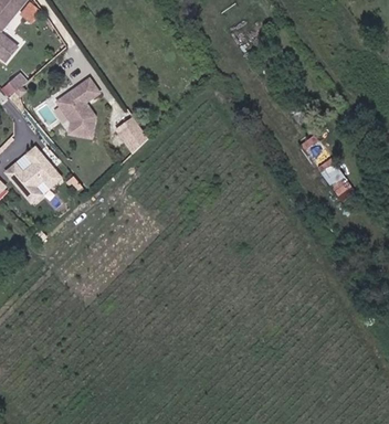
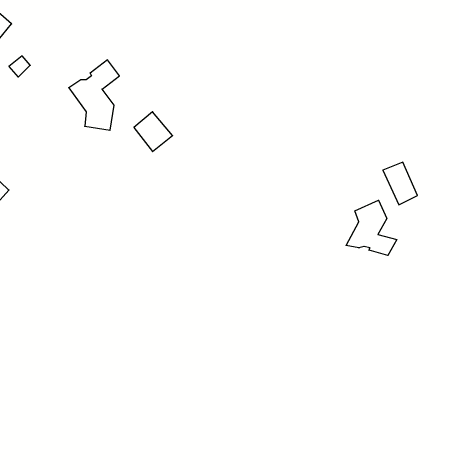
building: [9,149,64,205] -> none
building: none -> [346,200,397,255]

